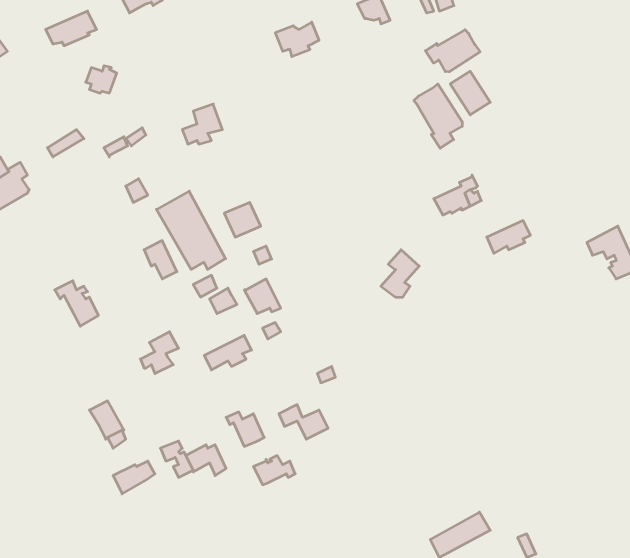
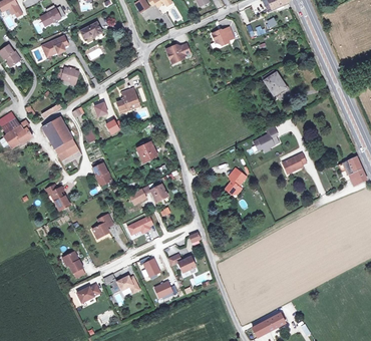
building: [425,30,480,72] -> none
building: [414,84,462,148] -> none
building: [156,191,226,269] -> [42,117,80,160]

